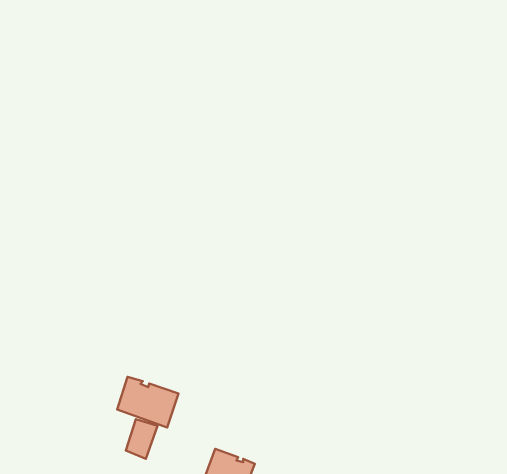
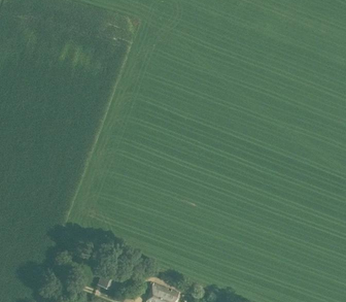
building: [117,377,179,428] -> none

